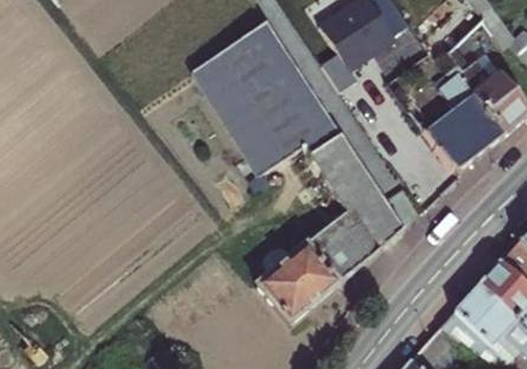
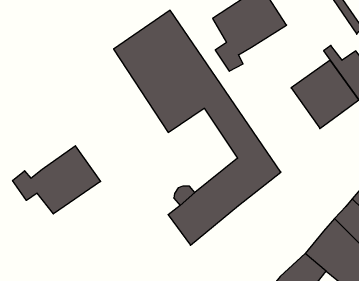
building: none -> [13,146,101,214]

